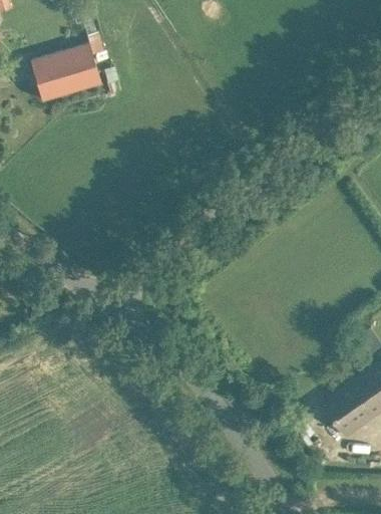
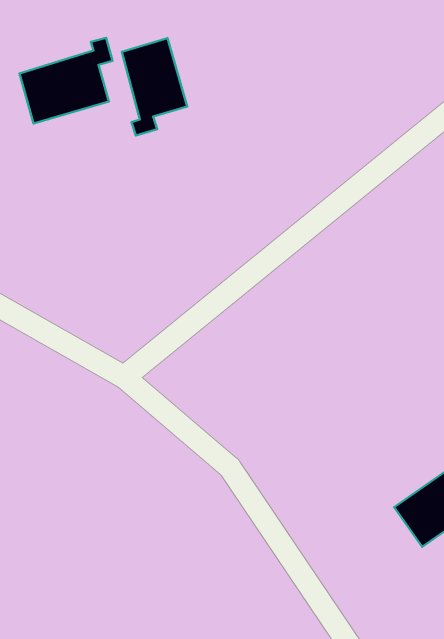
building: none -> [122,38,187,136]

